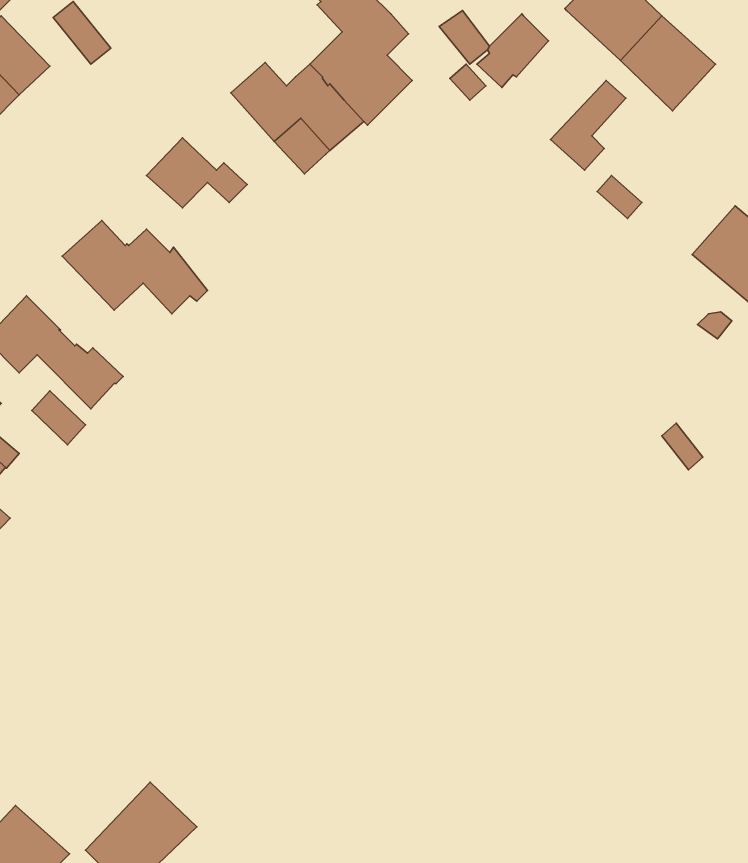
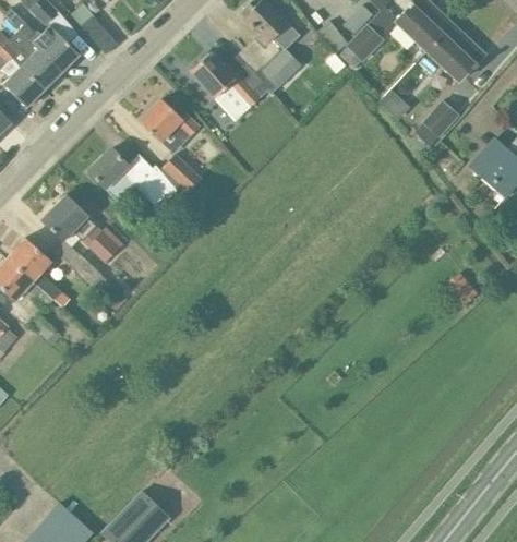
building: none -> [421,99,459,138]
building: none -> [159,154,203,194]

